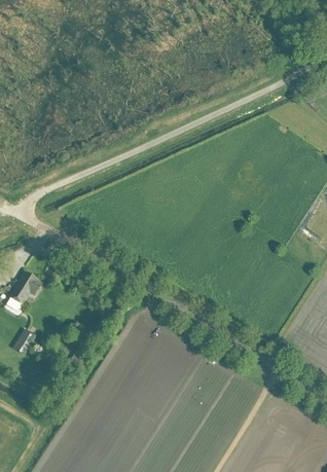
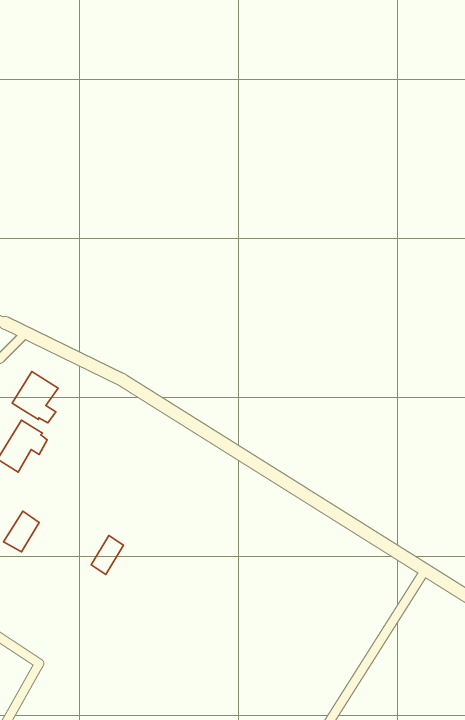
building: none -> [12,371,58,423]

